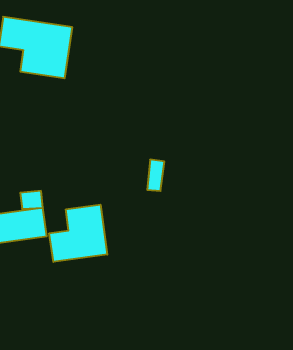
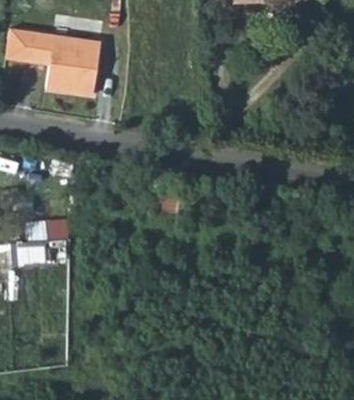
building: [49,205,107,262] -> none

